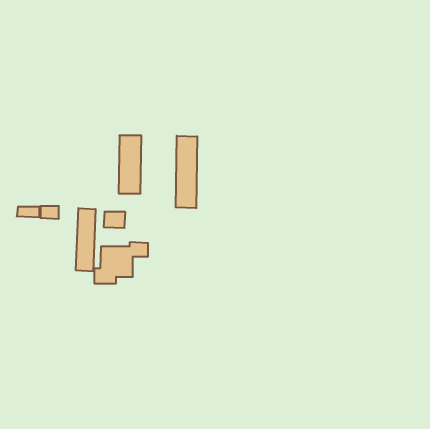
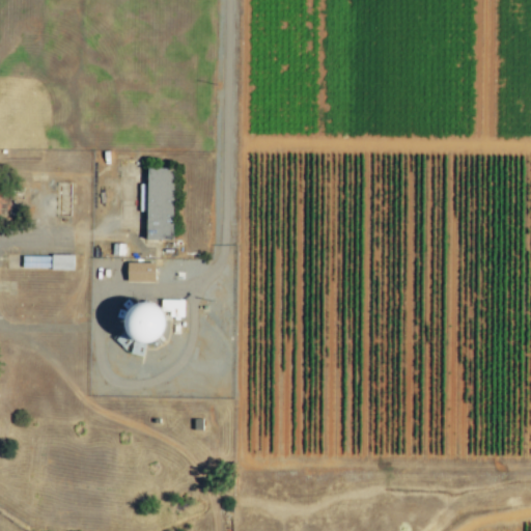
building: [176,136,197,208] -> none
building: [76,208,96,271] -> none

